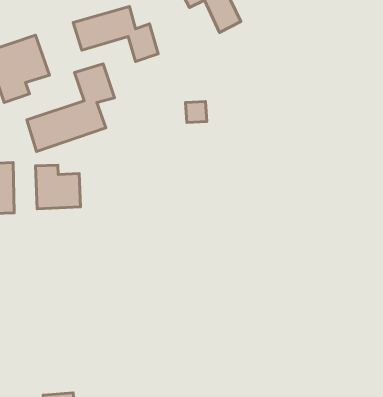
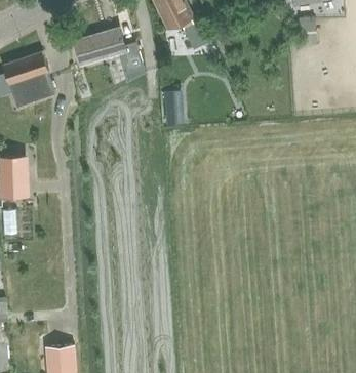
building: [27,64,115,151] -> none
building: [35,165,81,209] -> none

